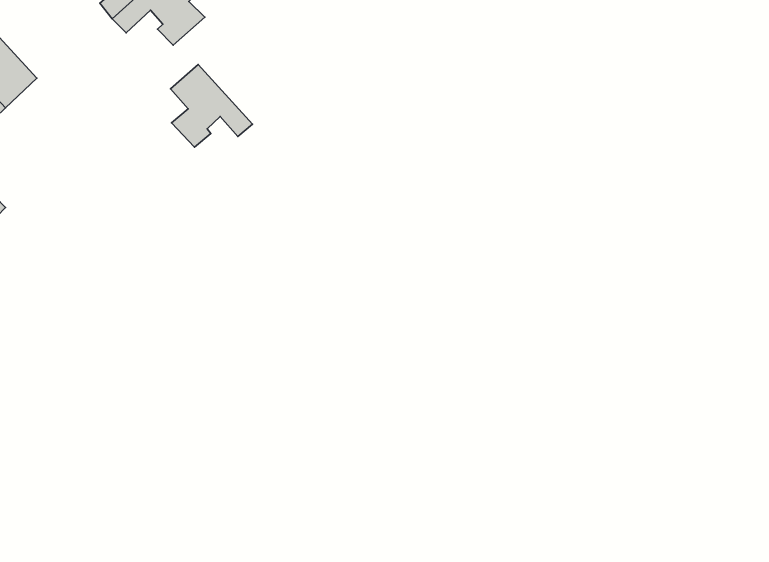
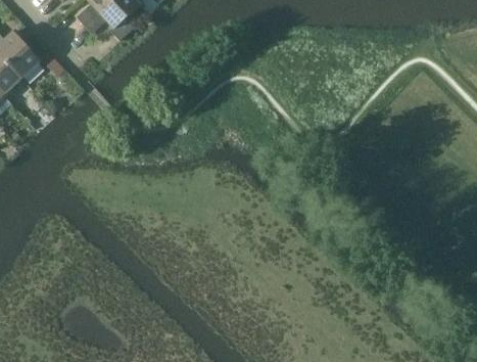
building: [170,64,252,147] -> none

